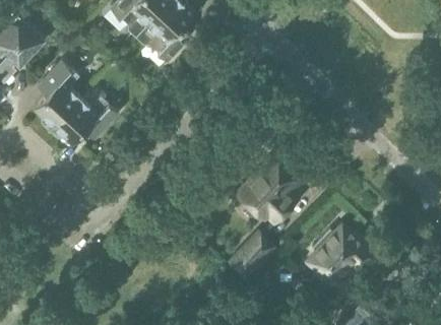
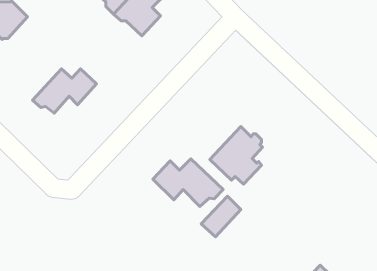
building: [34,59,80,129] -> none
building: none -> [153,159,223,206]
building: [308,224,374,294] -> none

